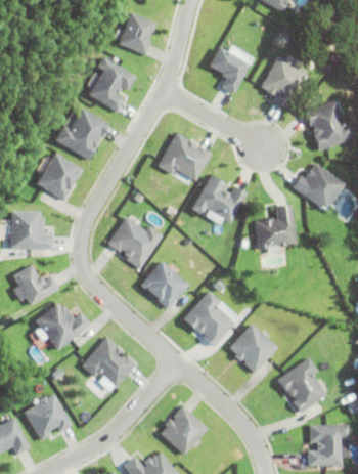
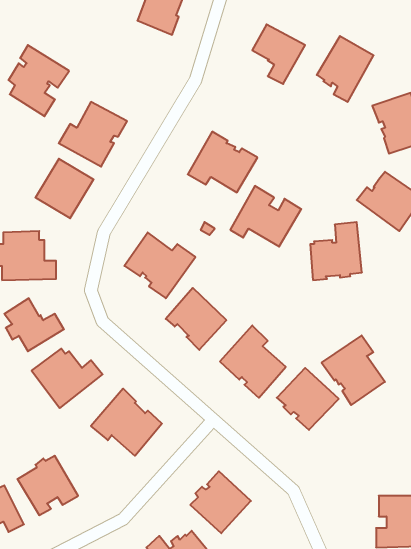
building: [88,58,136,115] -> [8,45,69,116]
building: [276,355,326,411] -> [322,335,385,405]

